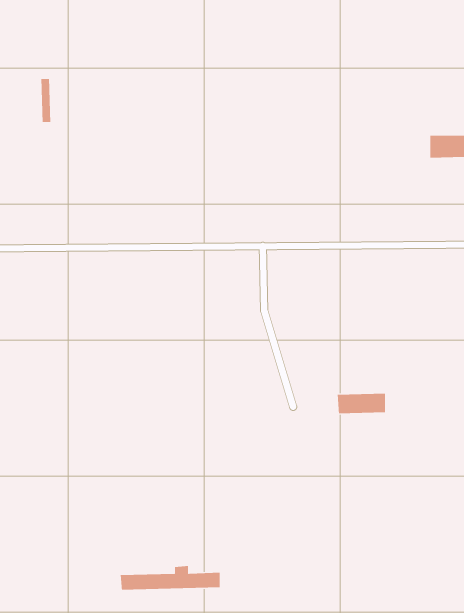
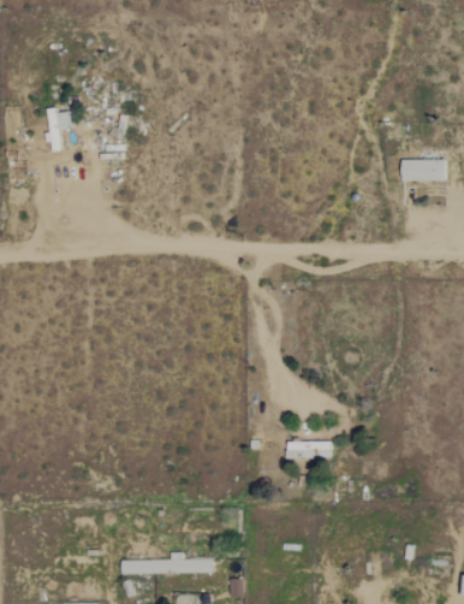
building: [337,393,386,414] -> [287,439,332,458]

